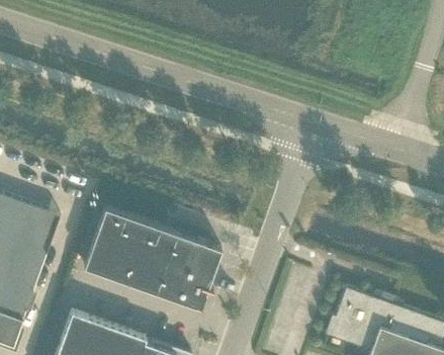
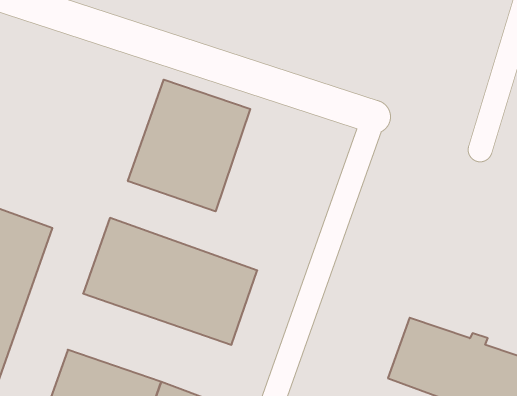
building: none -> [128,80,250,211]

